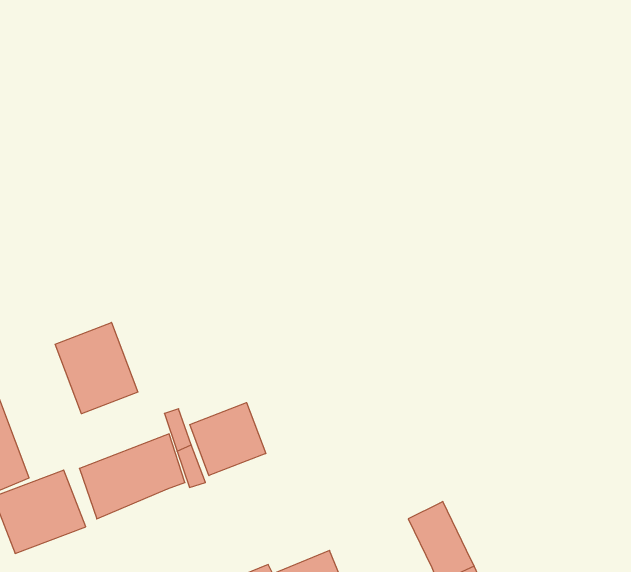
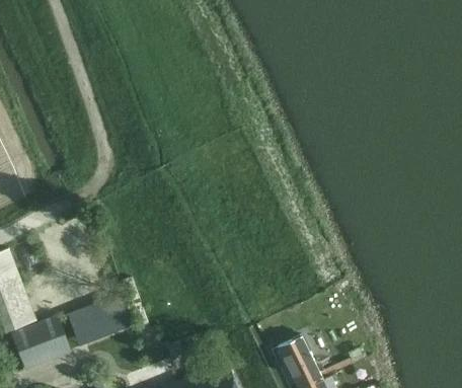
building: [55,322,138,414] -> none
building: [190,403,266,476] -> none

